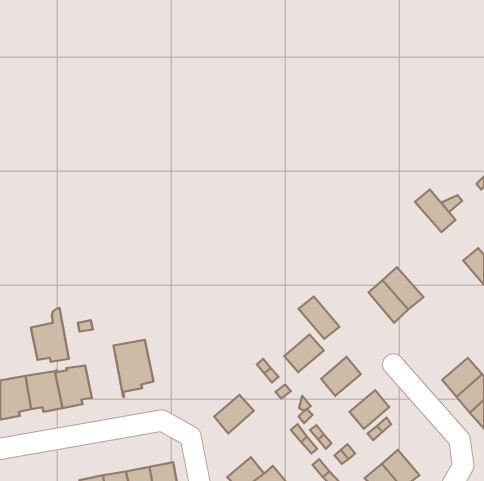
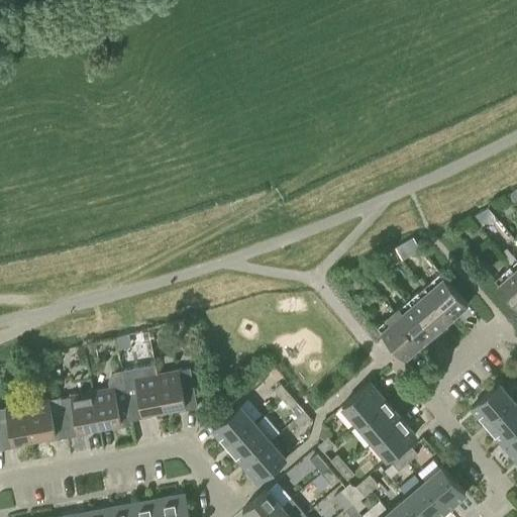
building: [415,190,456,232] -> [423,275,467,320]
building: [299,296,339,339] -> [377,315,420,360]
building: [31,308,69,362] -> [91,372,131,429]
building: [284,334,324,372] -> [357,402,400,442]
building: none -> [157,370,197,413]
building: none -> [213,406,255,447]
building: none -> [243,441,286,483]
building: none -> [424,468,466,510]

